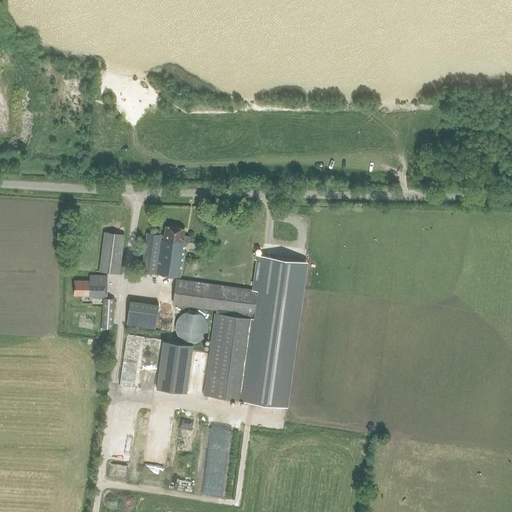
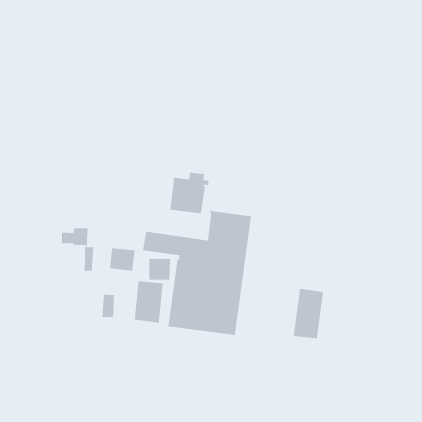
building: [141,227,189,278] -> [169,172,209,214]
building: [98,232,124,275] -> none
building: none -> [293,288,324,339]

